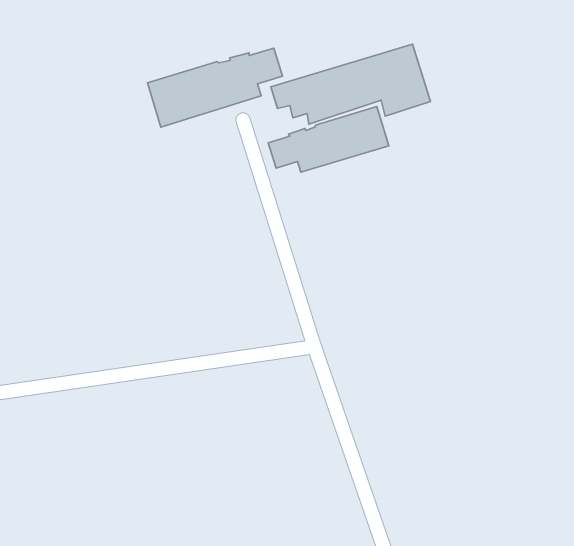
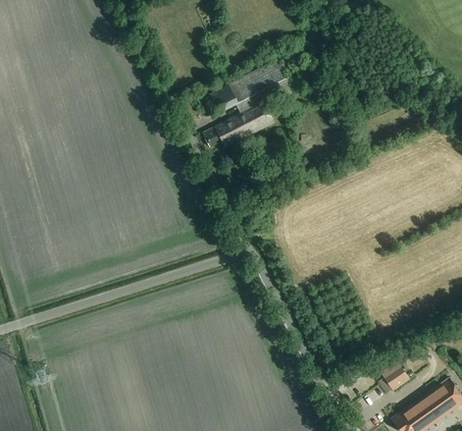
building: [147,48,282,127] -> none

